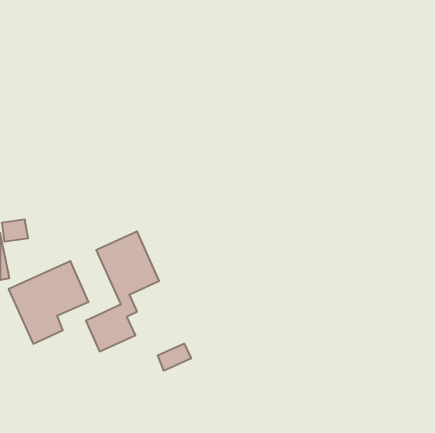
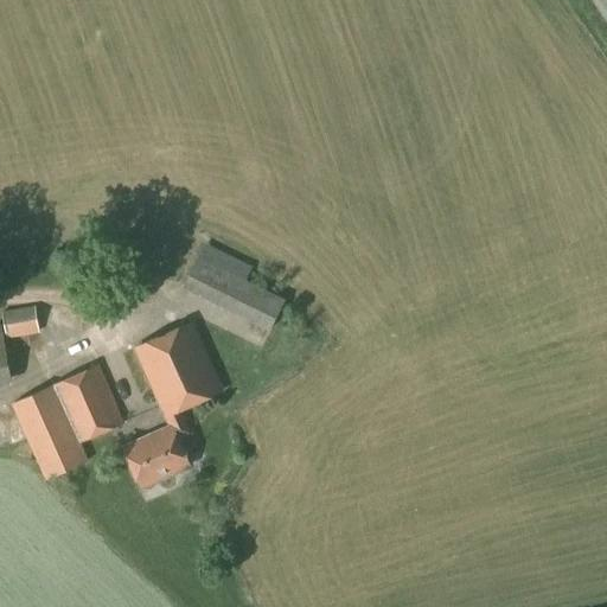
building: none -> [184,256,285,328]
building: [158,344,191,371] -> none

